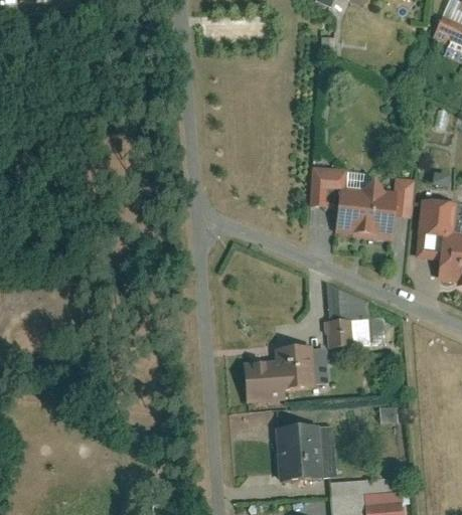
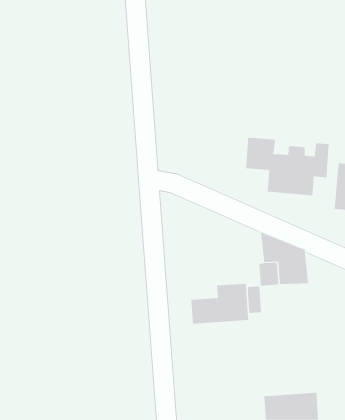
building: [275,425,335,481] -> none

